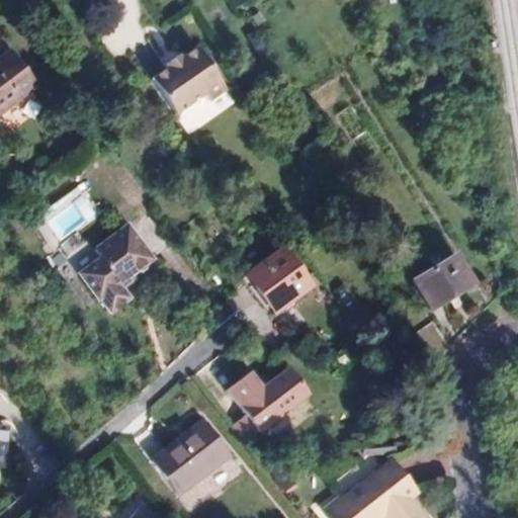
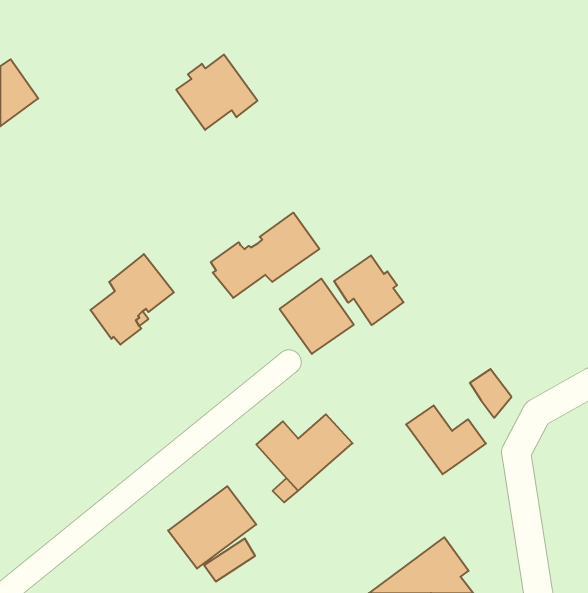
building: none -> [211,213,319,298]
building: none -> [334,255,404,325]
building: [413,255,471,310] -> none
building: none -> [406,405,486,474]

